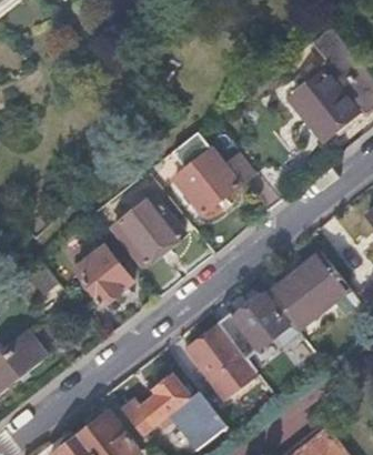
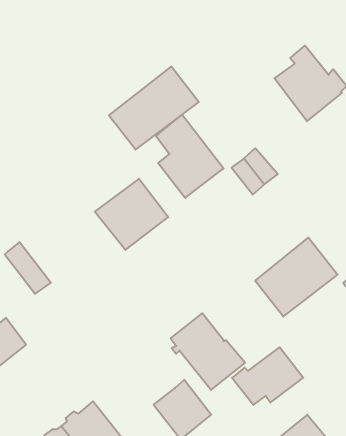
building: none -> [109,66,199,150]
building: [73,246,130,305] -> none
building: [218,294,288,351] -> [232,347,303,405]
building: [141,377,190,427] -> none

